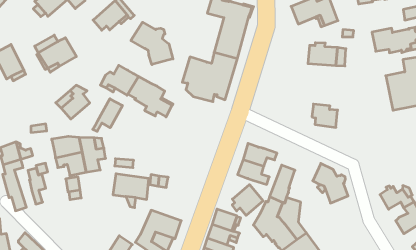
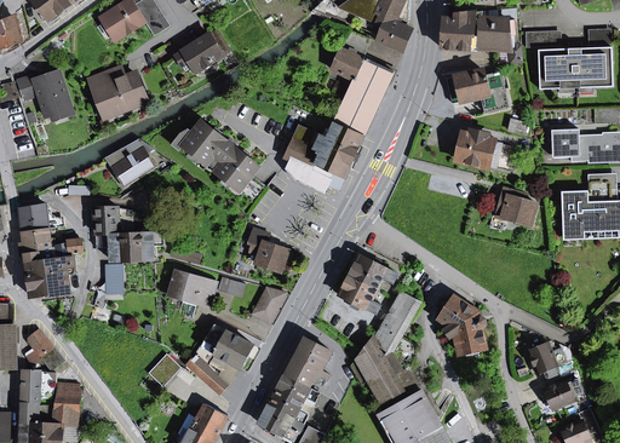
building: [131,22,173,65] -> none
building: [93,99,122,131] -> none
building: [312,104,338,127] -> [498,189,534,225]
building: none -> [247,228,287,271]
building: none -> [36,237,58,294]
building: none -> [251,287,285,322]
building: [232,185,263,215] -> none

